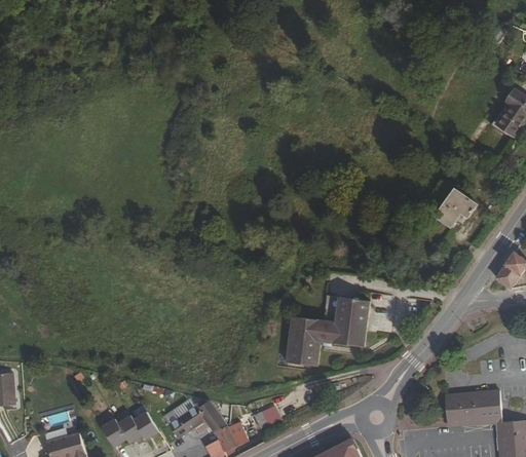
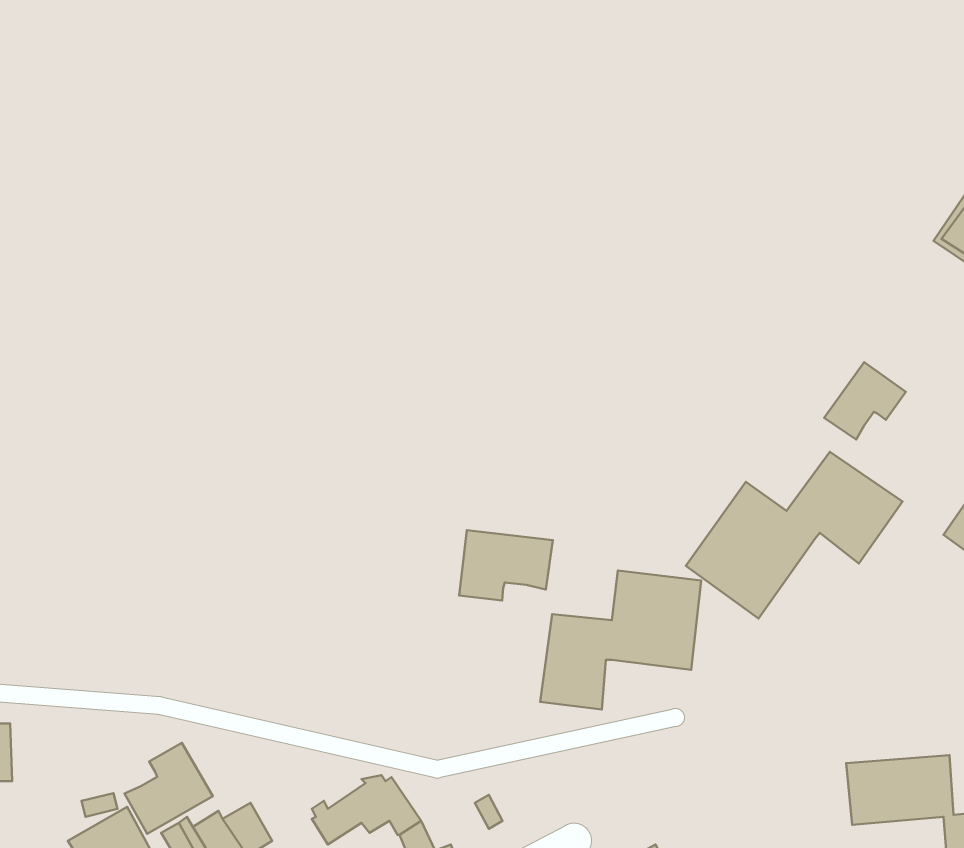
building: none -> [686,452,902,619]
building: none -> [459,530,553,601]
building: none -> [125,743,213,834]

